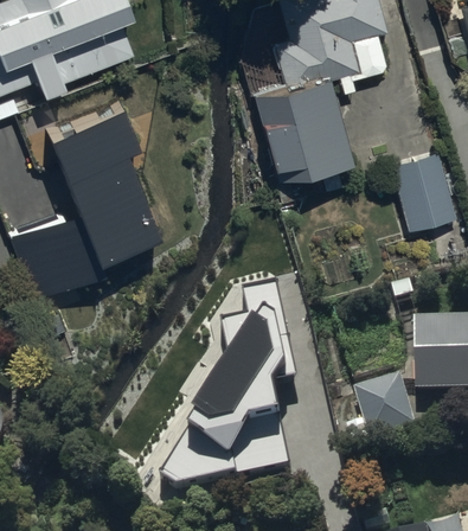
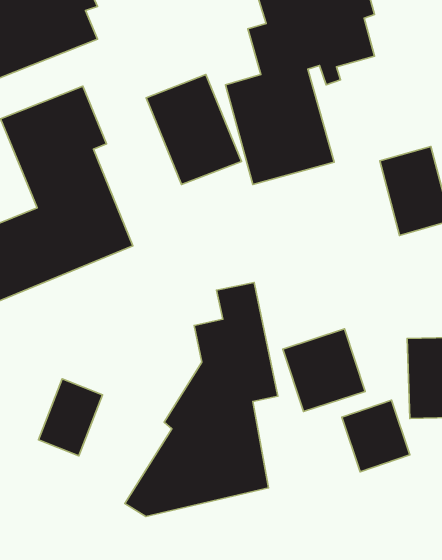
building: none -> [146,75,241,185]
building: none -> [283,329,365,412]
building: none -> [38,379,102,456]

